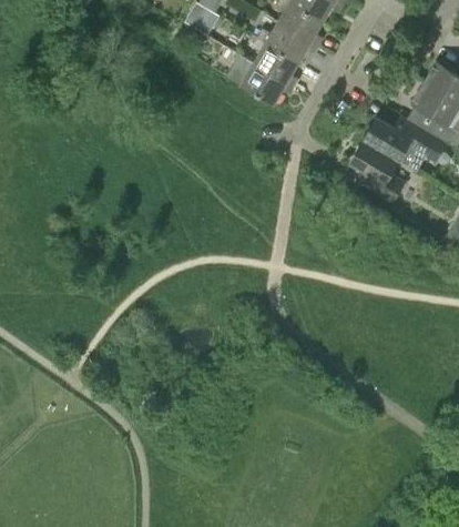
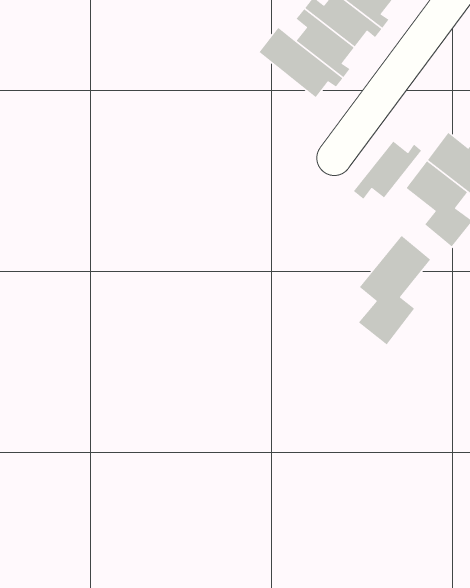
building: none -> [353,141,422,200]
building: none -> [358,235,431,345]

